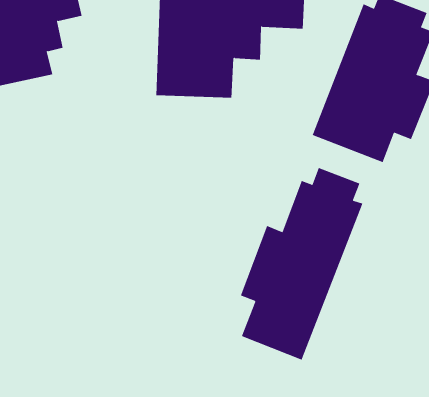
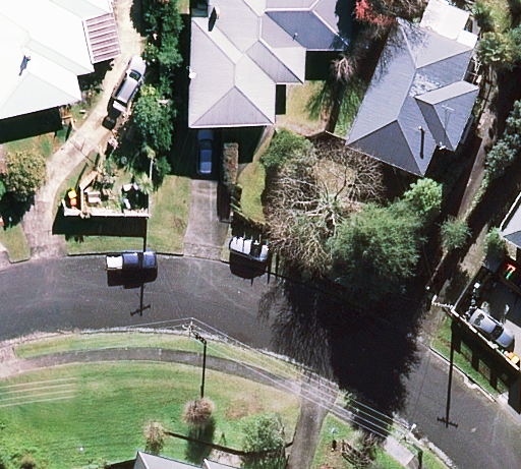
building: [240,167,363,360] -> none

